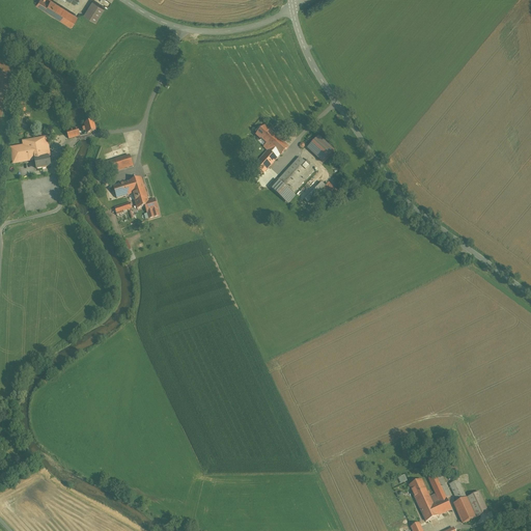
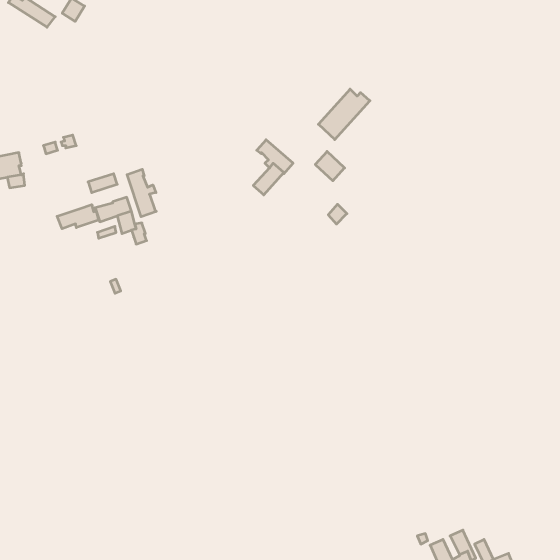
building: none -> [127,169,156,217]
building: [271,156,316,200] -> [318,89,370,140]
building: none -> [57,205,99,229]

